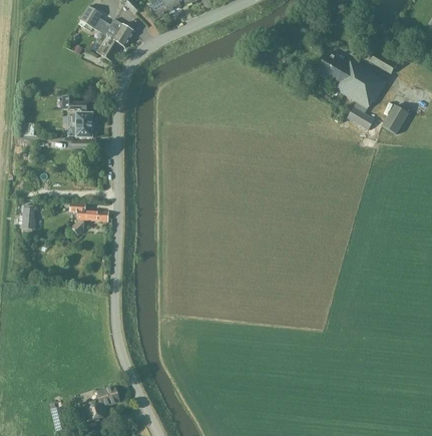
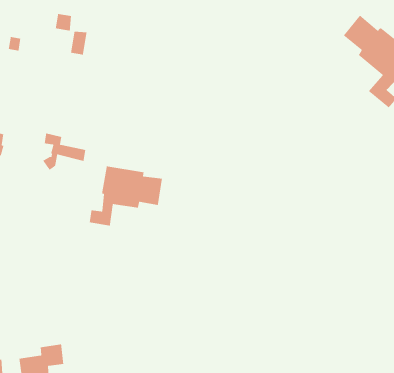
building: none -> [89,165,163,226]

